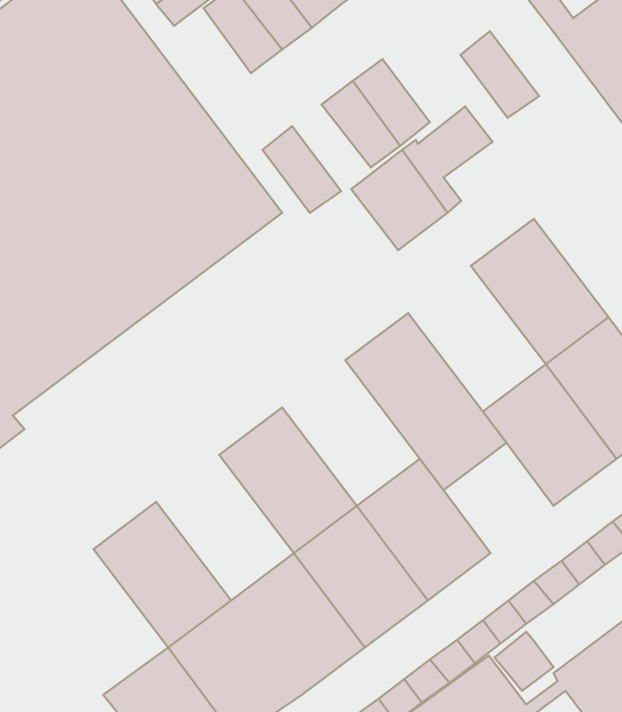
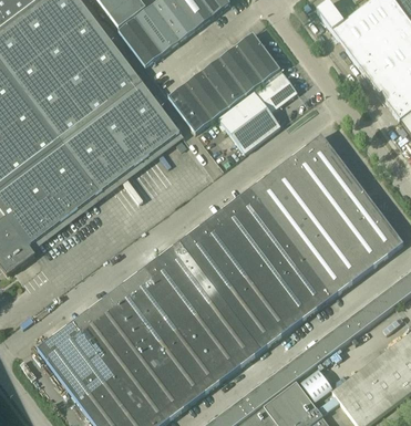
building: none -> [117,17,162,65]
building: [460,31,539,118] -> [236,32,280,81]
building: none -> [185,71,229,120]
building: none -> [250,162,328,243]
building: none -> [179,215,257,297]
building: none -> [270,261,332,323]
building: none -> [109,268,186,350]
building: none -> [38,321,115,403]

